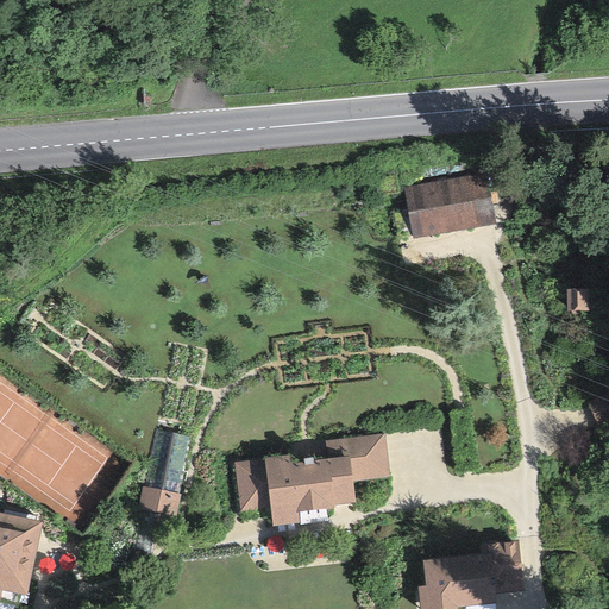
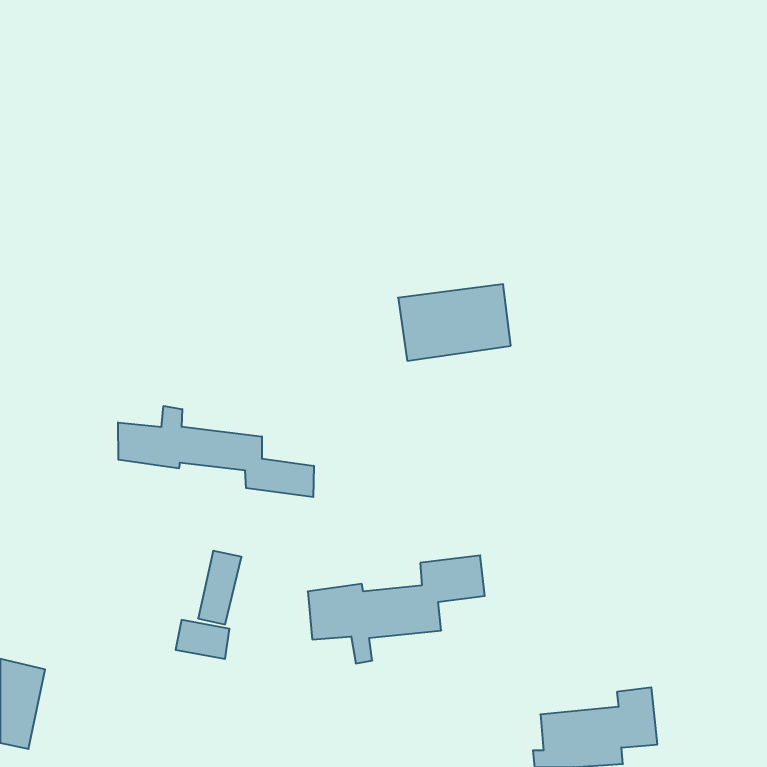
building: [402,172,491,233] -> [398,284,511,361]
building: none -> [118,406,314,497]

